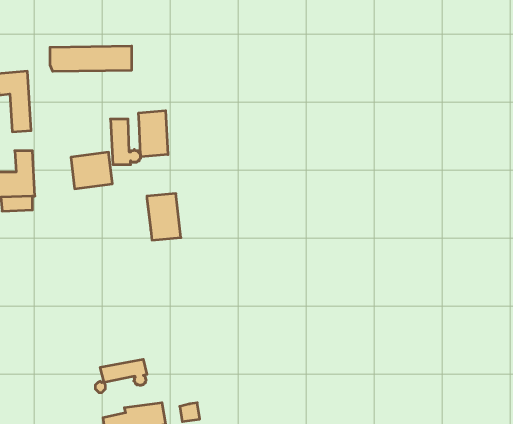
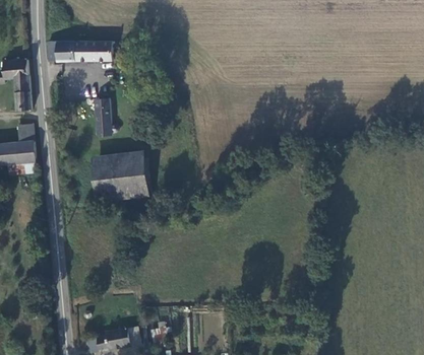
building: [139,111,168,157] -> none
building: [71,152,112,189] -> [94,162,127,192]
building: [100,359,147,385] -> none

